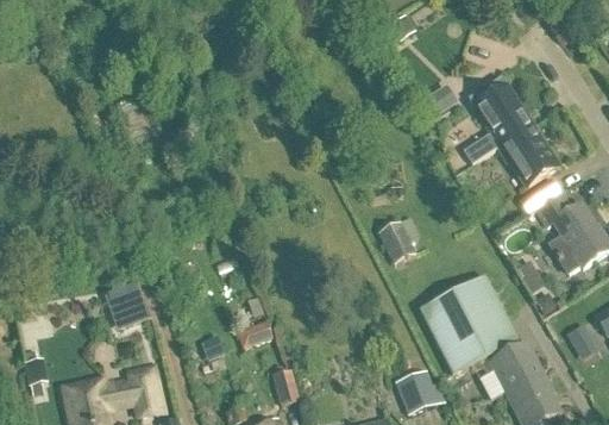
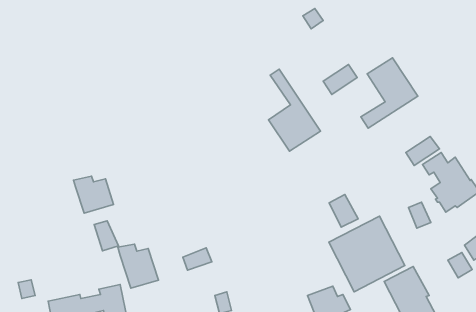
building: none -> [268,69,320,151]
building: [470,125,559,186] -> none
building: [378,221,415,263] -> [329,194,358,227]
building: none -> [74,176,114,213]
building: none -> [118,244,158,288]

